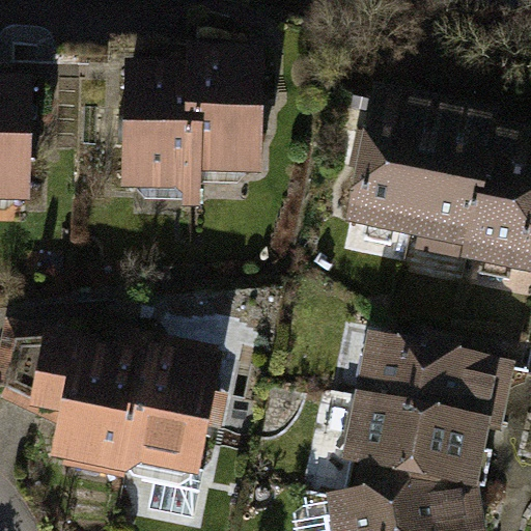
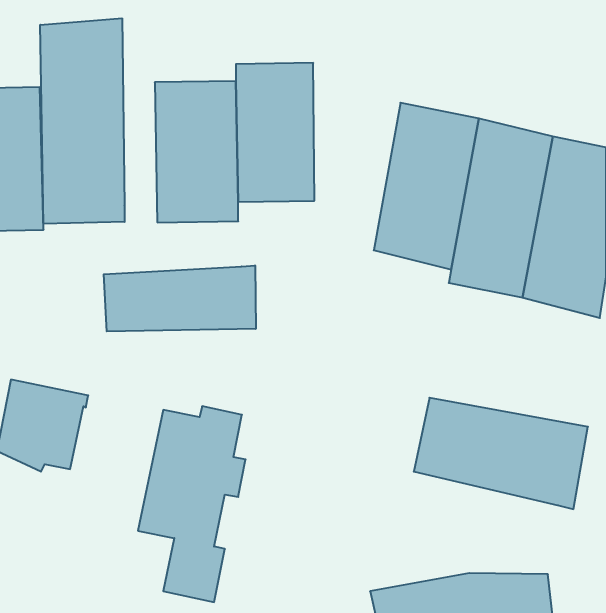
building: none -> [40,18,125,224]
building: none -> [104,265,256,331]
building: [50,338,142,471] -> none
building: [340,409,479,497] -> none

